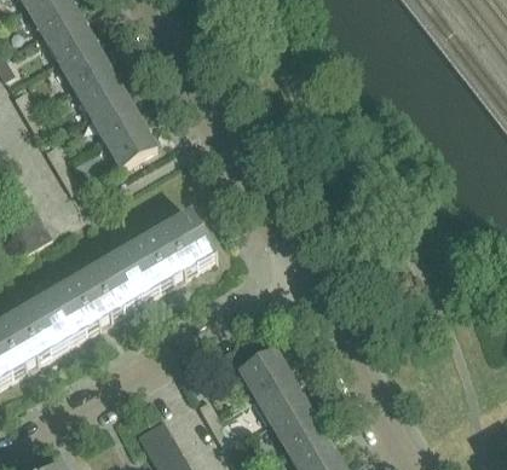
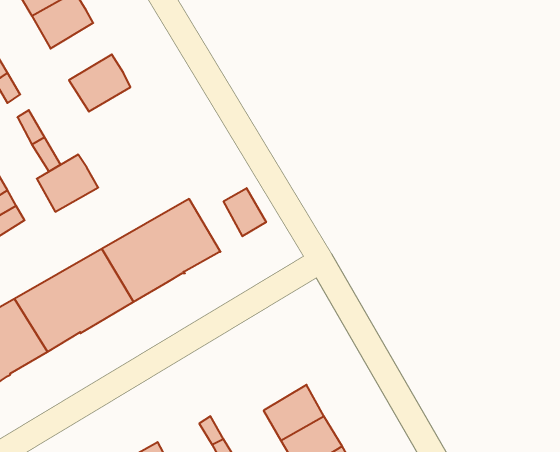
building: [71,62,123,110] -> none
building: [104,116,156,164] -> [37,155,98,212]
building: none -> [224,188,266,236]
building: [237,343,288,389] -> none

